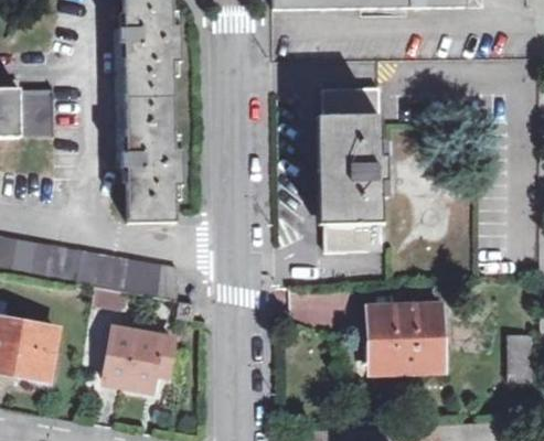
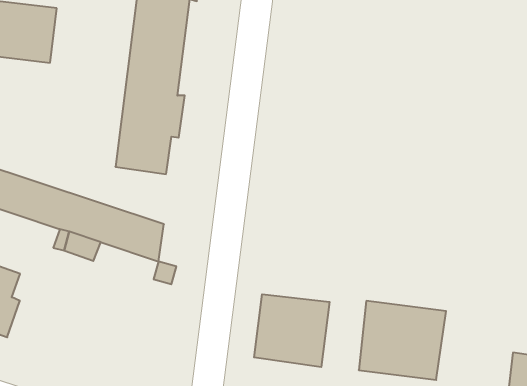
building: [320,89,382,251] -> none
building: none -> [254,294,330,367]
building: [102,330,172,392] -> none

